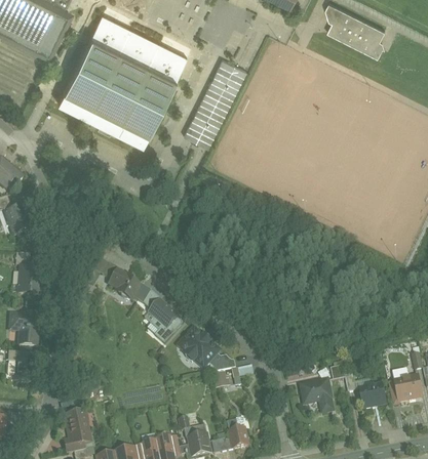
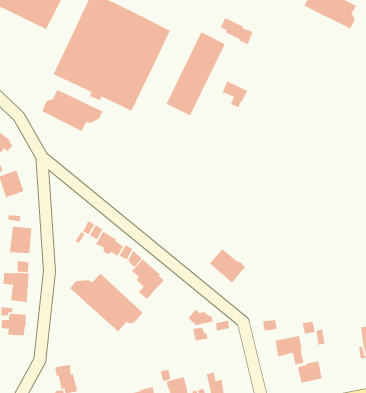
building: none -> [220,17,254,45]
building: none -> [221,80,248,108]
building: none -> [41,89,103,132]
building: none -> [69,273,143,332]
building: [179,328,219,366] -> [209,248,246,284]
building: [358,383,386,408] -> [297,361,323,384]

